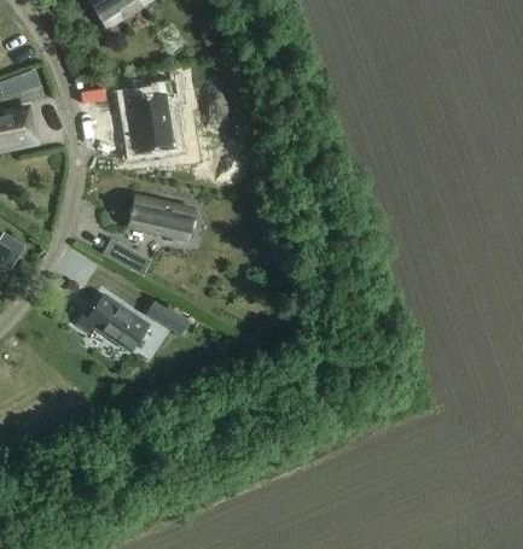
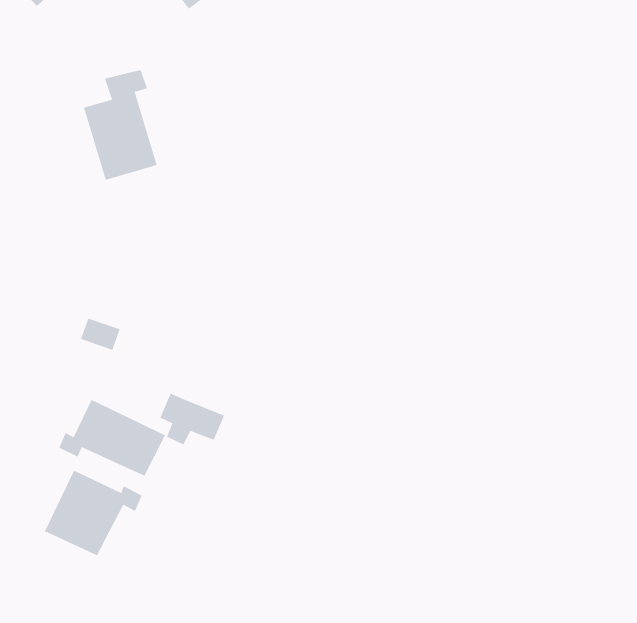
building: [130,197,194,240] -> none
building: none -> [44,470,143,556]

